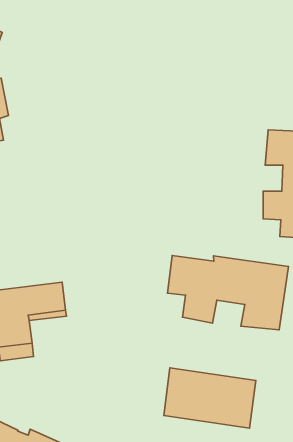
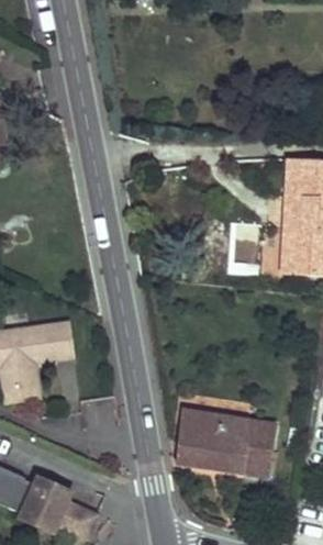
building: [168,256,289,330] -> none

